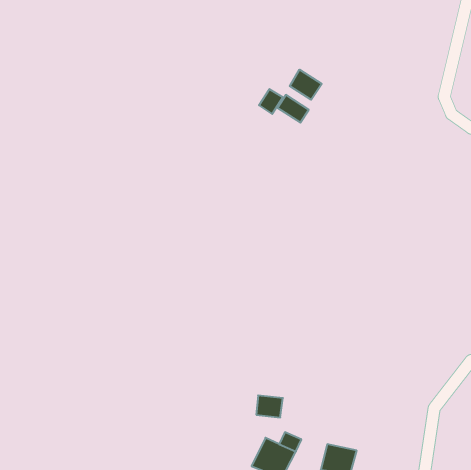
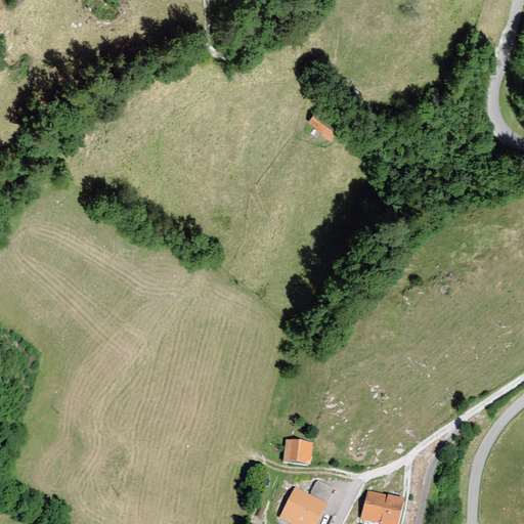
building: [290,70,322,100] -> none
building: [259,89,283,114] -> none

